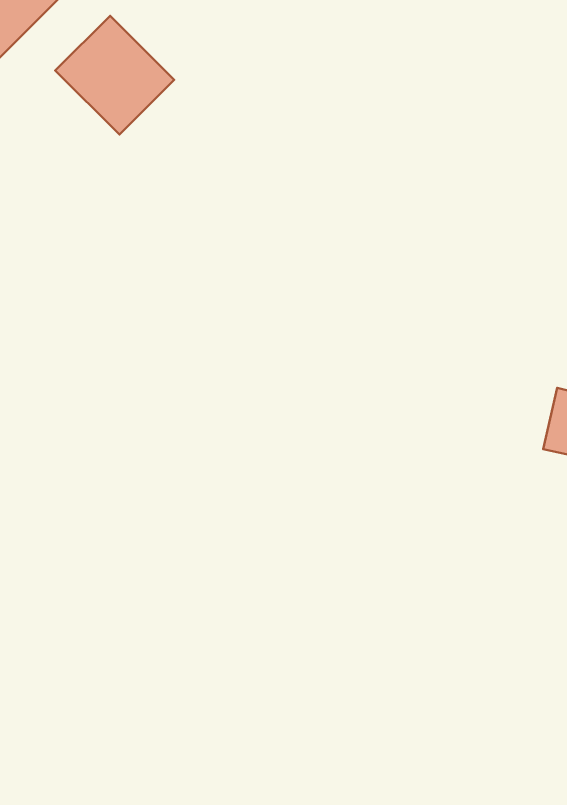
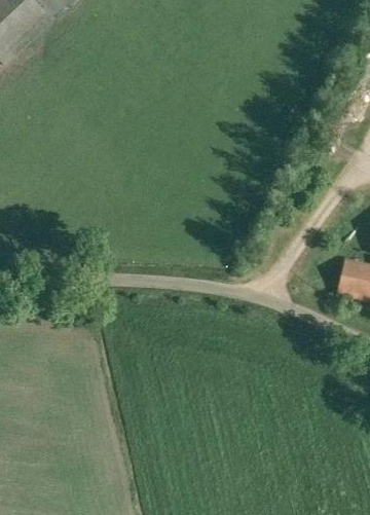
building: [55,16,174,135] -> none

